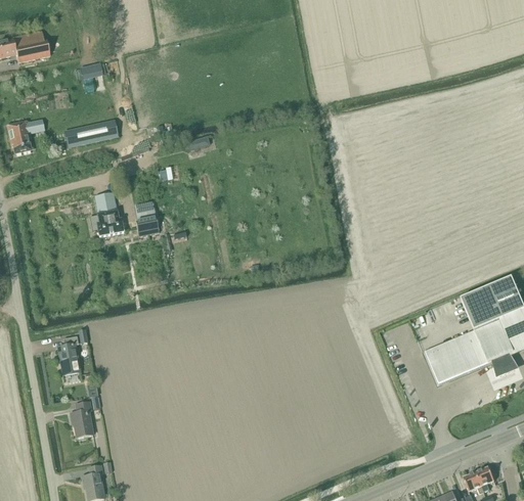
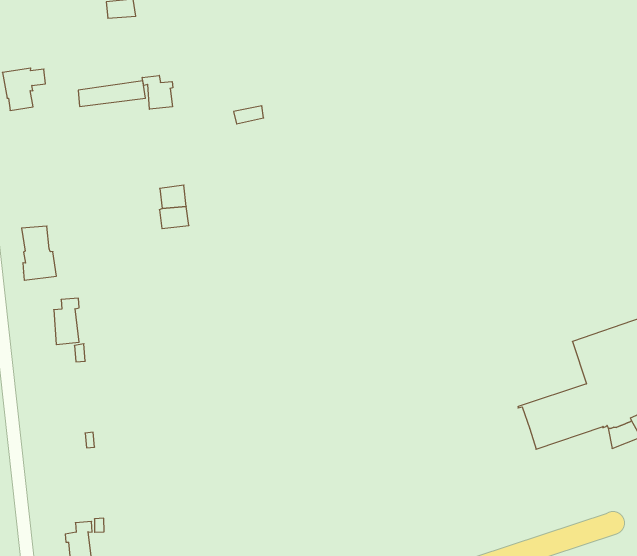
building: none -> [142,75,173,109]
building: [94,192,124,235] -> [22,226,56,280]
building: [58,335,80,372] -> [54,298,79,345]
building: [70,401,93,437] -> none

